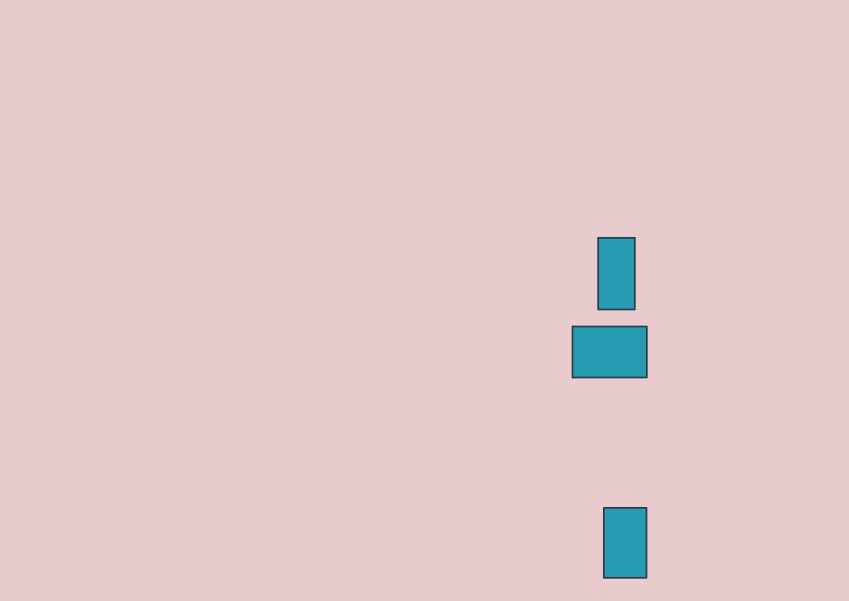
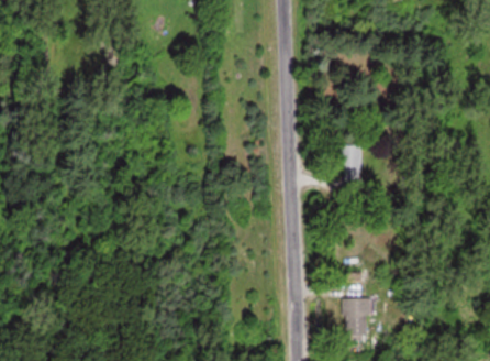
building: [573,327,647,378] -> none

